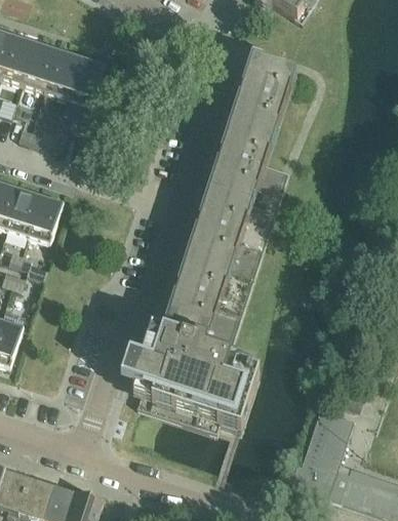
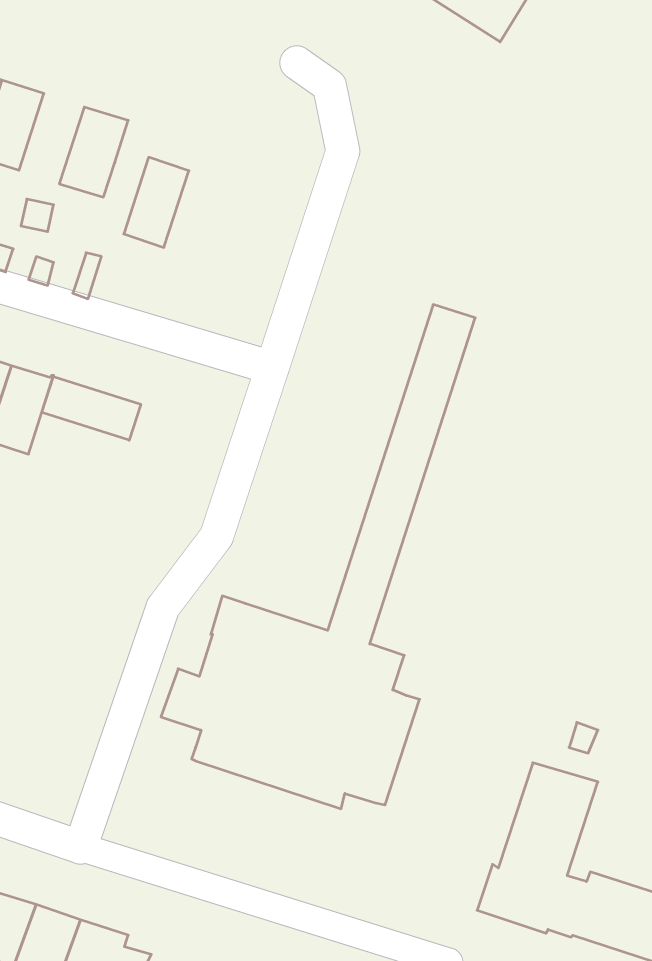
building: [43,50,78,98] -> [124,157,189,247]
building: [164,56,294,337] -> none
building: none -> [42,377,141,440]

